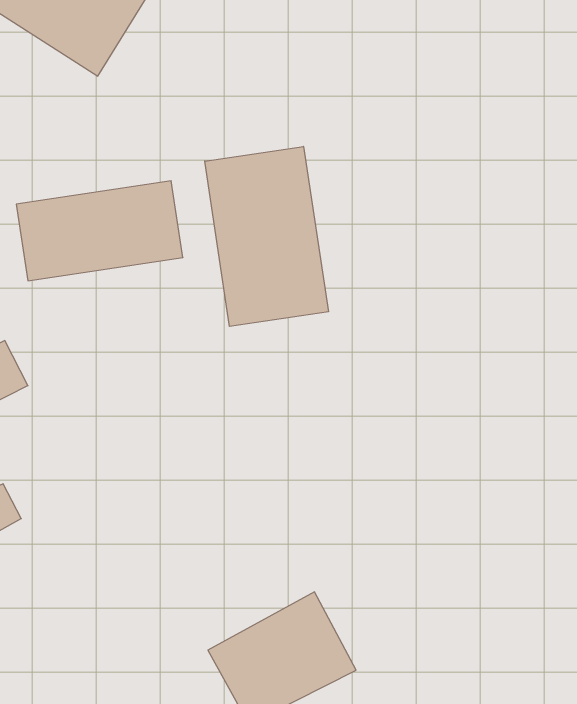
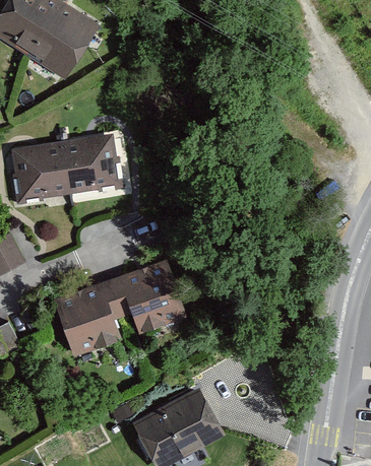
building: [205,146,328,326] -> none
building: none -> [54,261,185,355]

